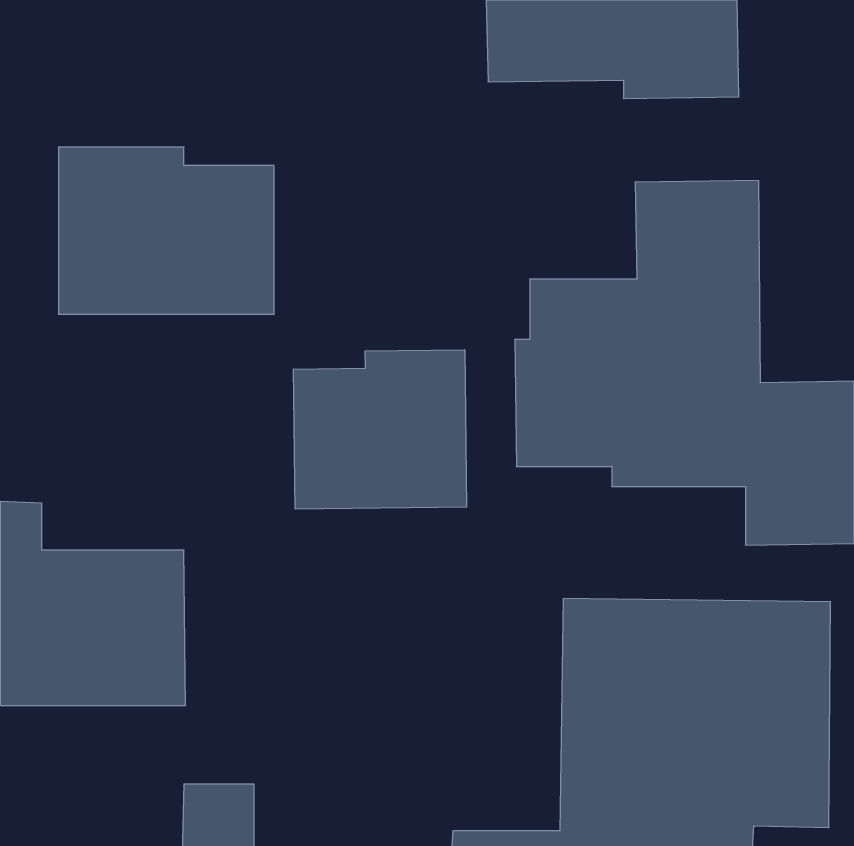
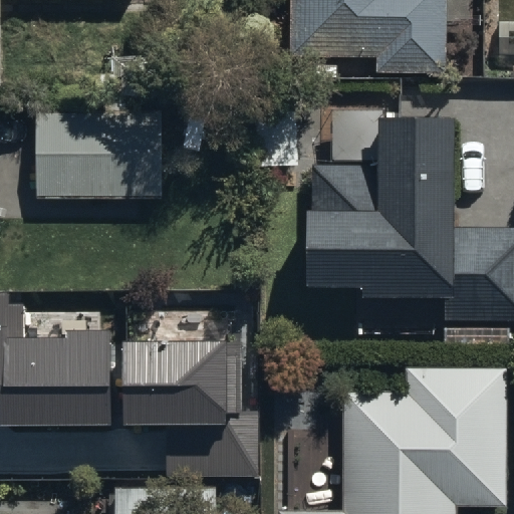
building: [294,350,467,509] -> none
building: none -> [123,345,257,481]

